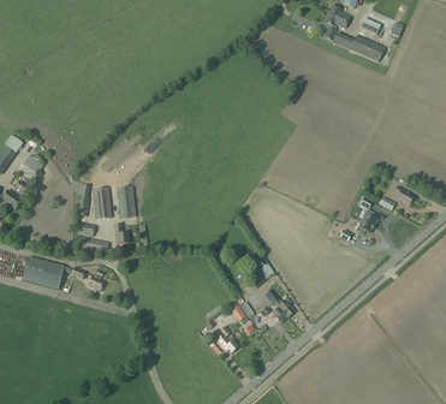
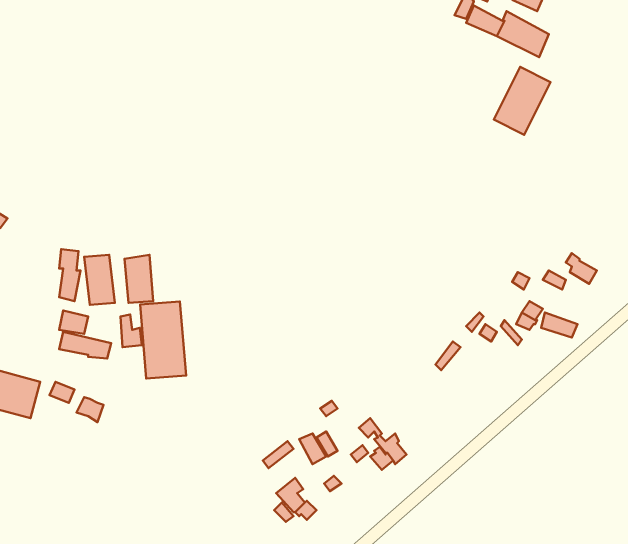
building: none -> [494,67,550,135]
building: none -> [140,301,186,379]

